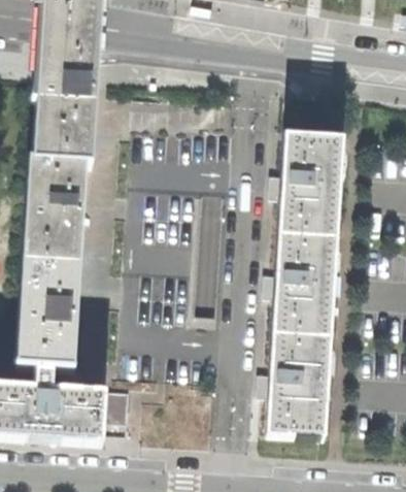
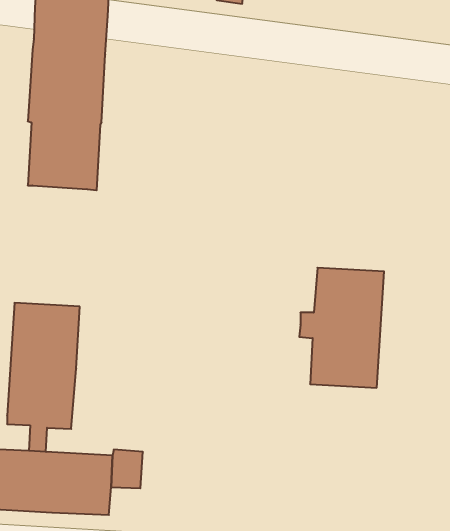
building: [271,130,343,234] -> none
building: [23,161,84,264] -> none
building: [260,330,331,433] -> none

